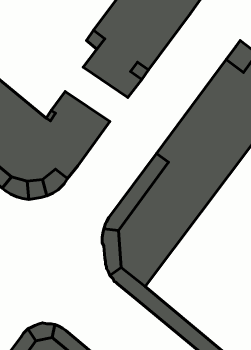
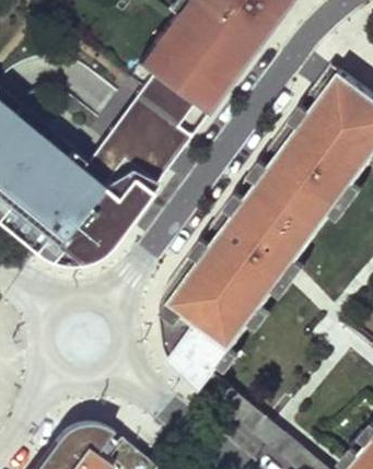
building: none -> [112,98,191,167]

